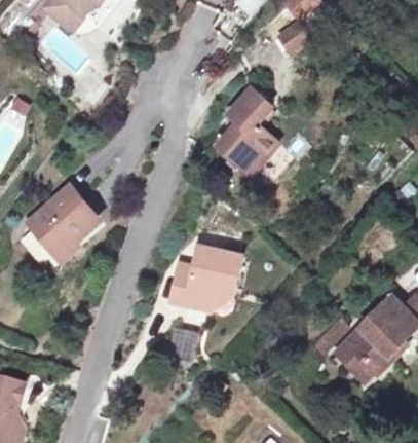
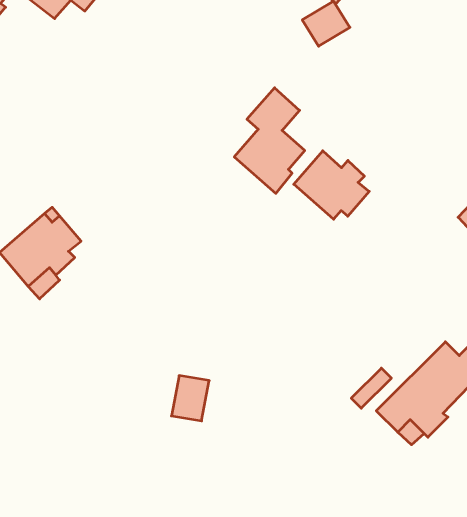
building: none -> [294,151,369,219]
building: [170,247,242,310] -> none

